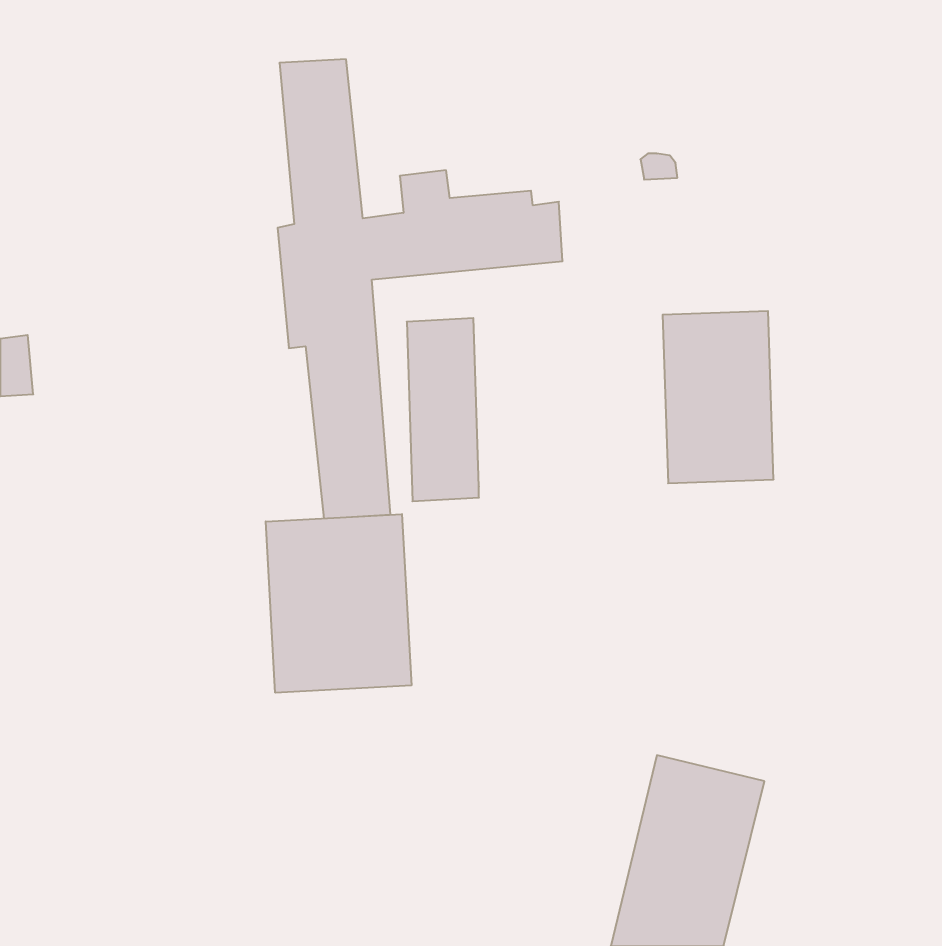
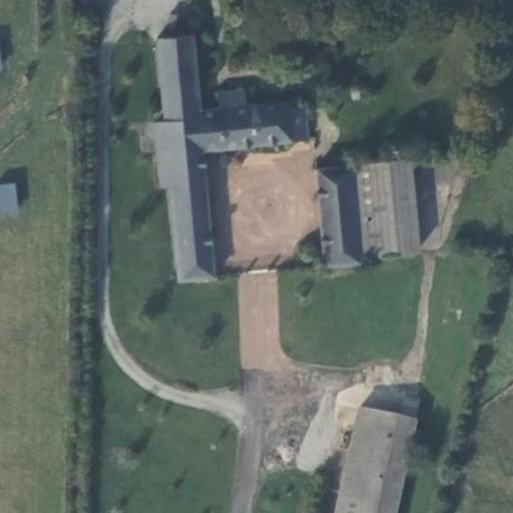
building: [407,318,479,501] -> [325,170,364,270]
building: [266,514,411,693] -> none

